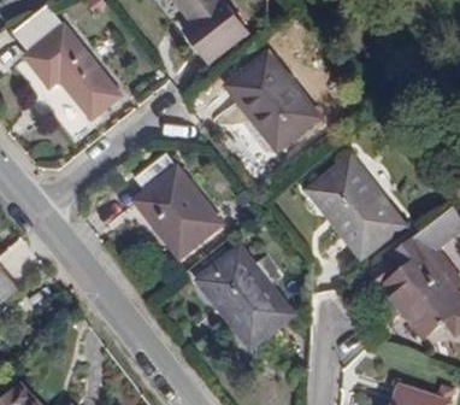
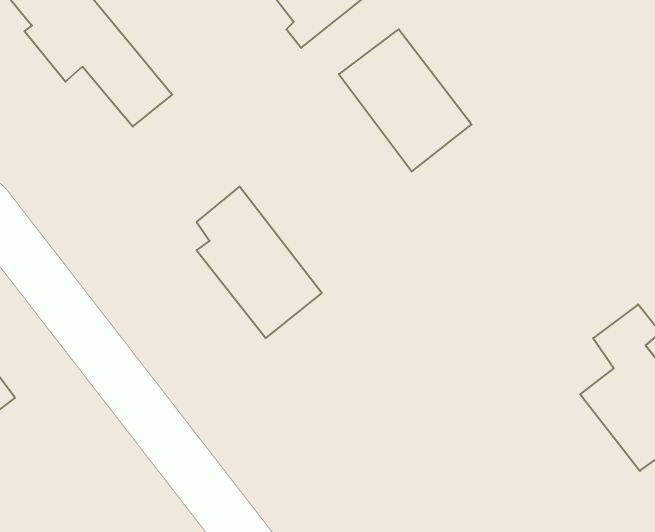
building: [309,157,400,253] -> none
building: [200,246,290,341] -> none

